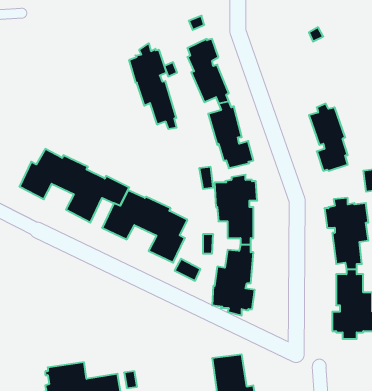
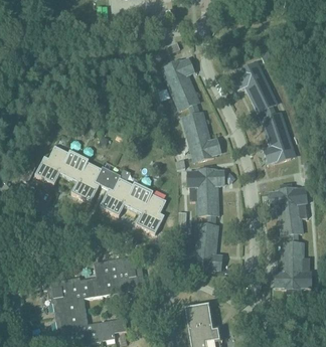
building: [129,43,177,129] -> none
building: none -> [235,63,277,113]
building: none -> [43,256,145,315]

